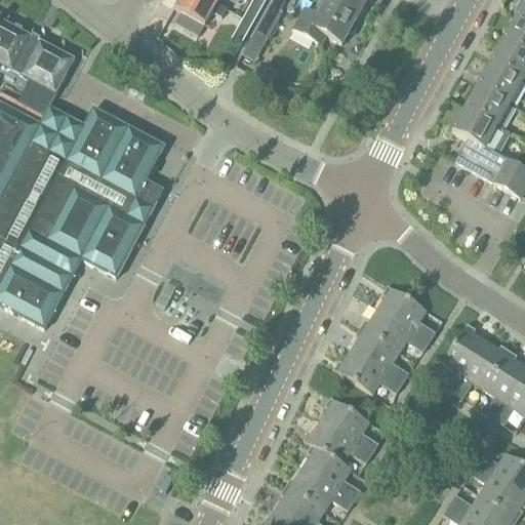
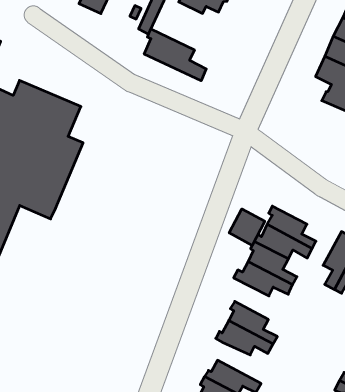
building: none -> [144,29,206,81]
building: none -> [229,209,265,245]
building: [304,445,359,499] -> none

